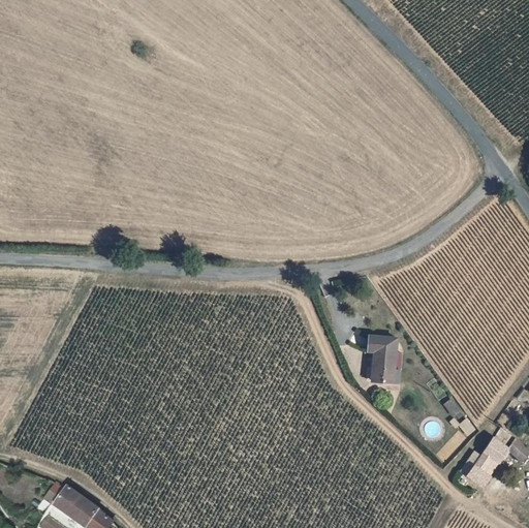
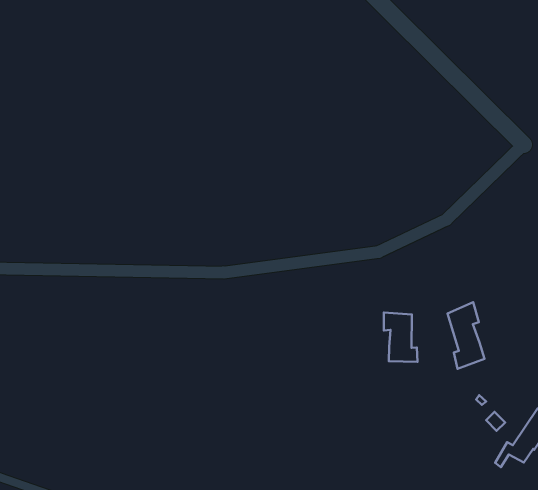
building: none -> [448,302,484,369]

